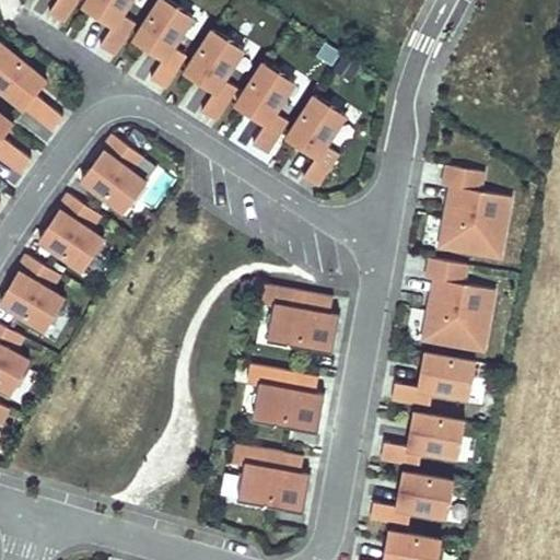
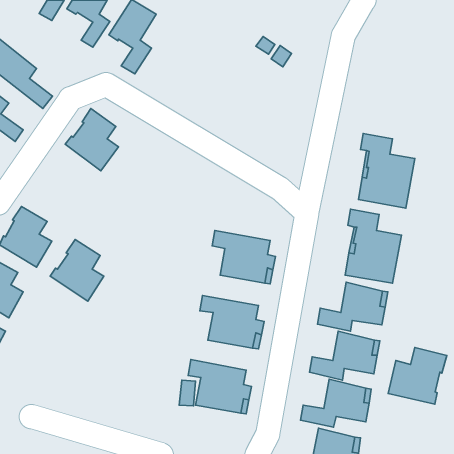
building: [184,33,243,125] -> none
building: [235,66,294,158] -> none
building: [287,98,345,190] -> none
building: [37,194,103,269] -> [50,240,104,301]
building: none -> [388,347,447,404]

